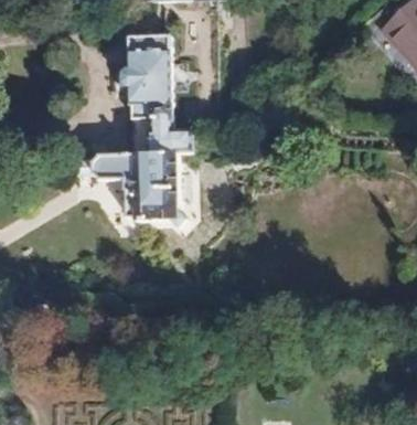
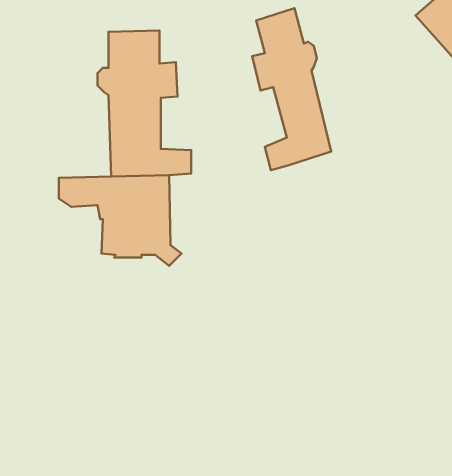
building: none -> [252,8,331,170]

